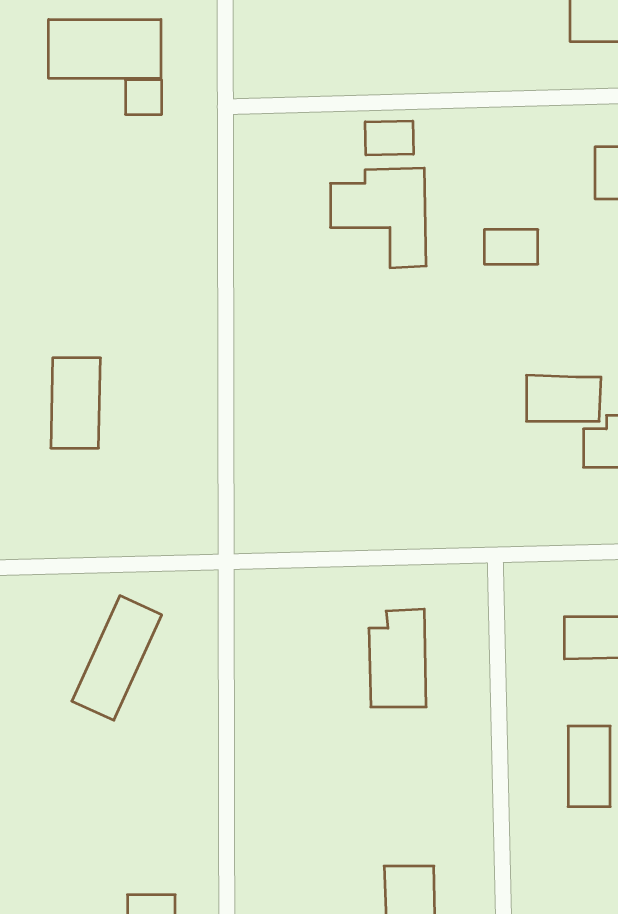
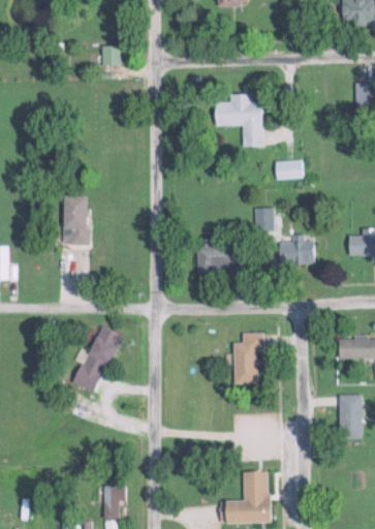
building: [49,19,161,78] -> none
building: [365,121,413,155] -> none
building: [484,230,538,264] -> [276,160,305,179]
building: [526,375,601,421] -> [278,240,318,264]
building: none -> [256,207,277,232]
building: none -> [198,240,244,271]

